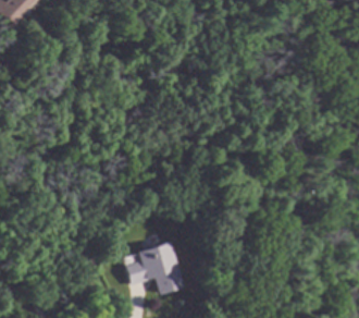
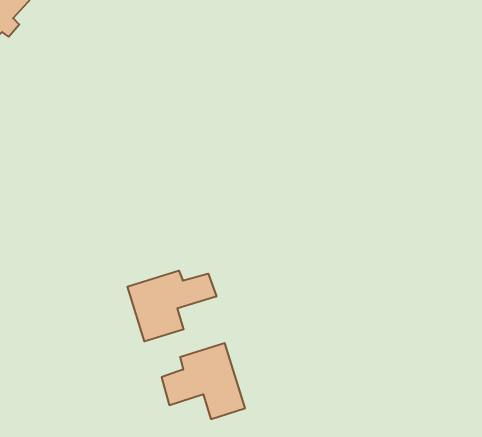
building: none -> [127,271,216,341]

